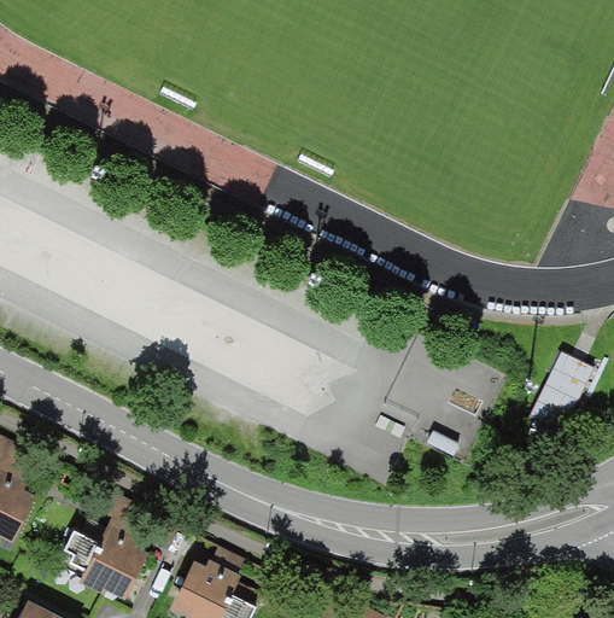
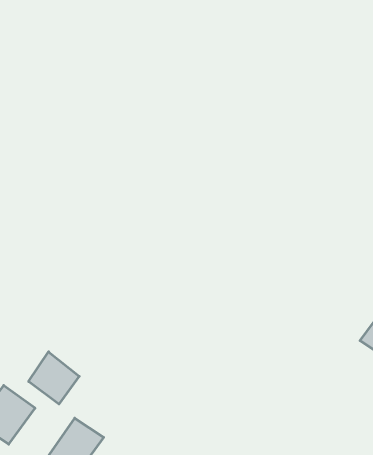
building: none -> [29,352,79,404]

